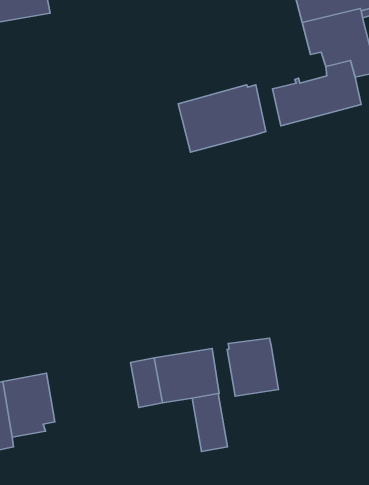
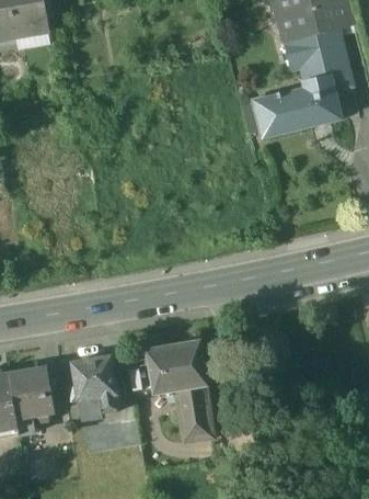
building: [178,85,266,152] -> none
building: [227,338,278,396] -> none
building: none -> [69,356,115,415]

